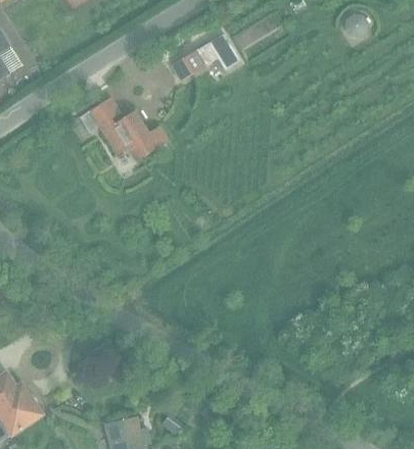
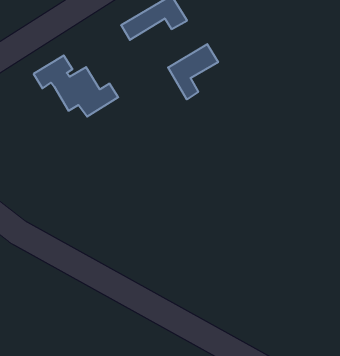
building: none -> [168,44,218,99]

